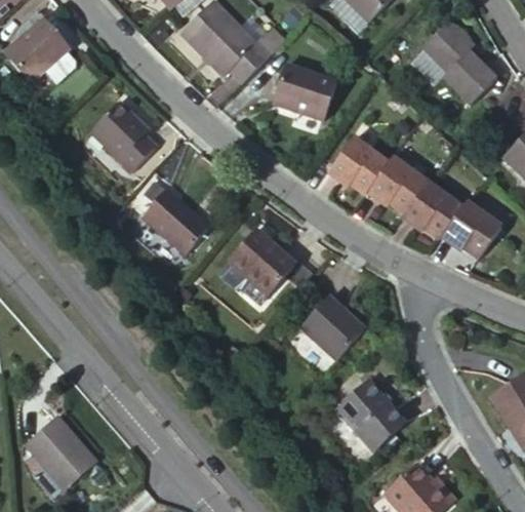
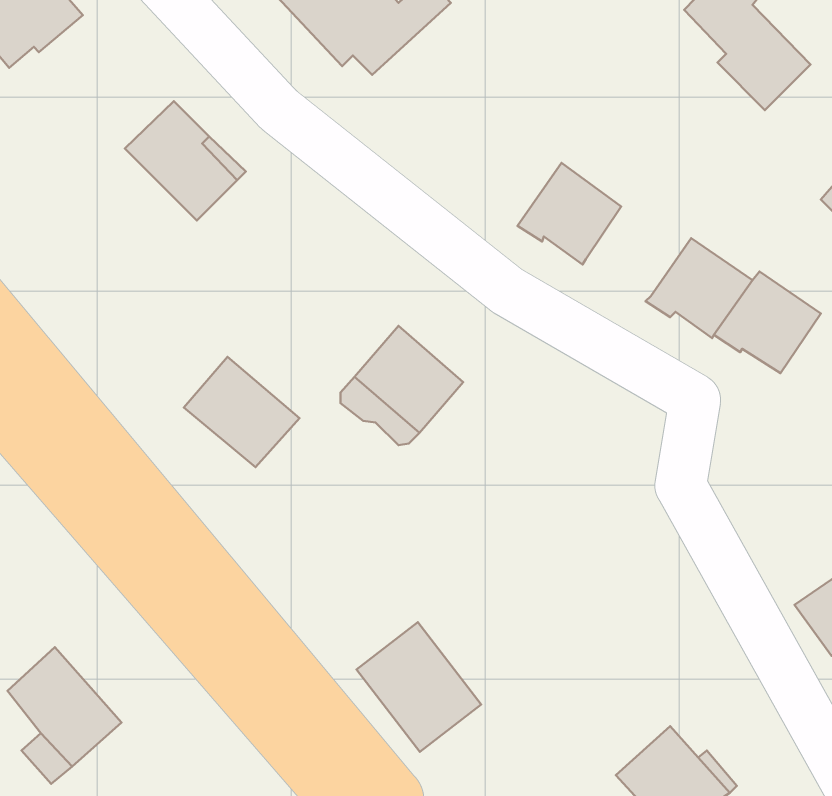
building: [273,62,335,115] -> none
building: [365,155,427,213] -> none
building: [146,190,213,254] -> [184,357,299,467]
building: [300,294,365,359] -> none
building: [335,380,408,456] -> [357,622,481,752]

